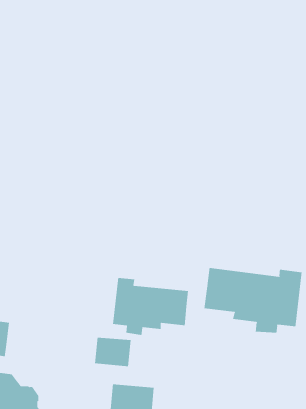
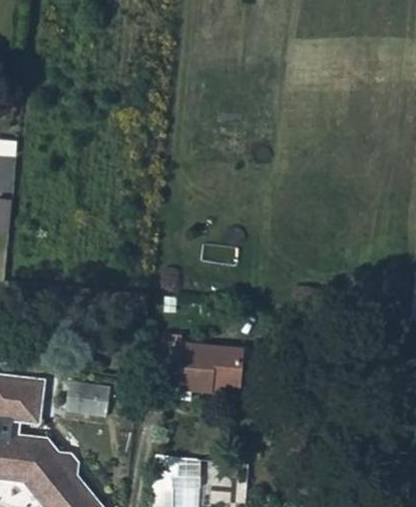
building: [204,267,302,334] -> none
building: [94,337,131,367] -> [70,383,112,417]

